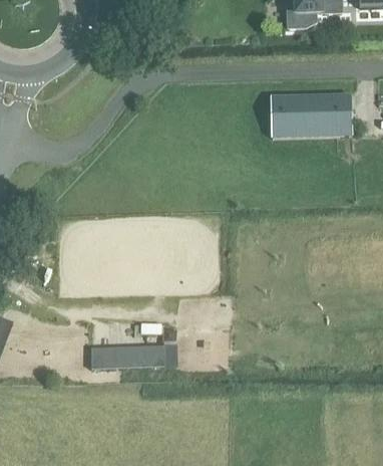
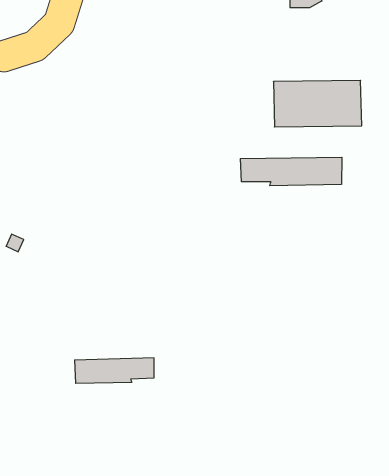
building: none -> [240,157,342,186]

